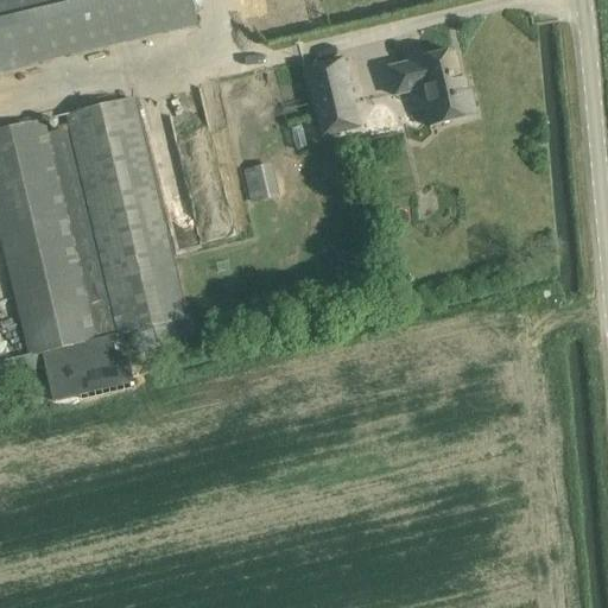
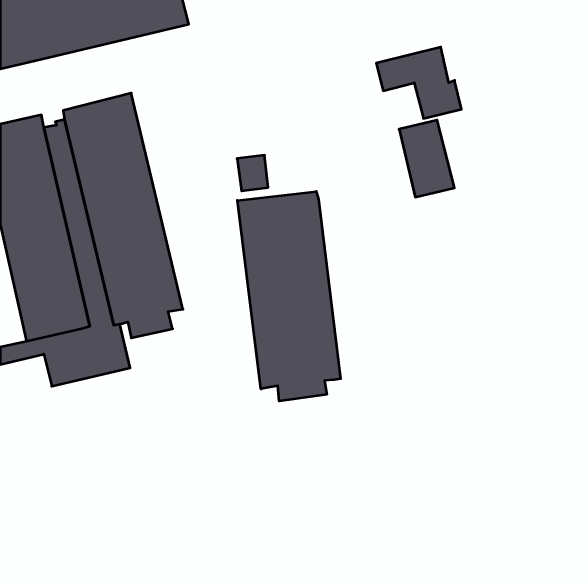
building: [304,56,361,135] -> [399,120,454,197]
building: none -> [237,191,341,401]

